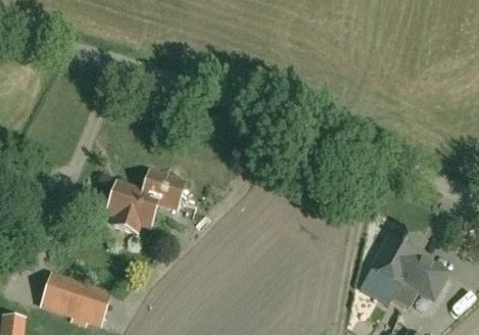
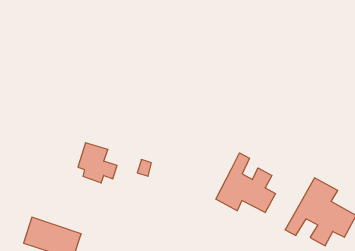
building: [139,172,185,210] -> none
building: none -> [216,153,275,213]

